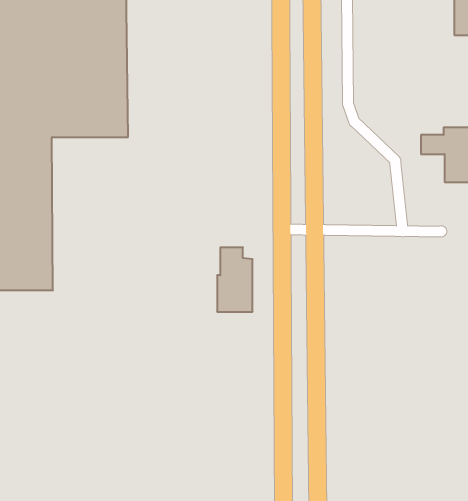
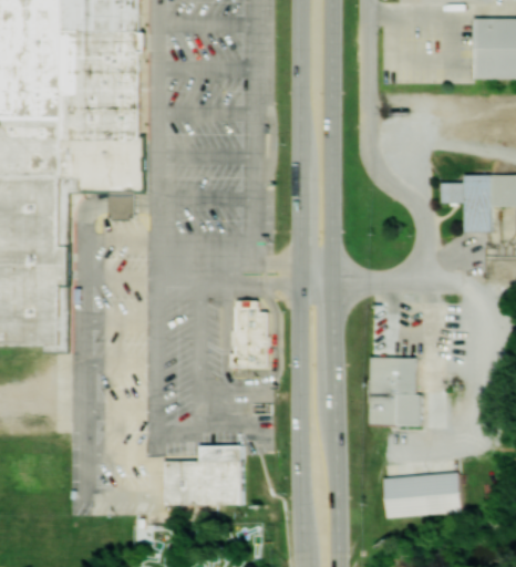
building: none -> [368,354,422,424]
building: none -> [163,445,245,506]
building: none -> [384,471,463,518]

